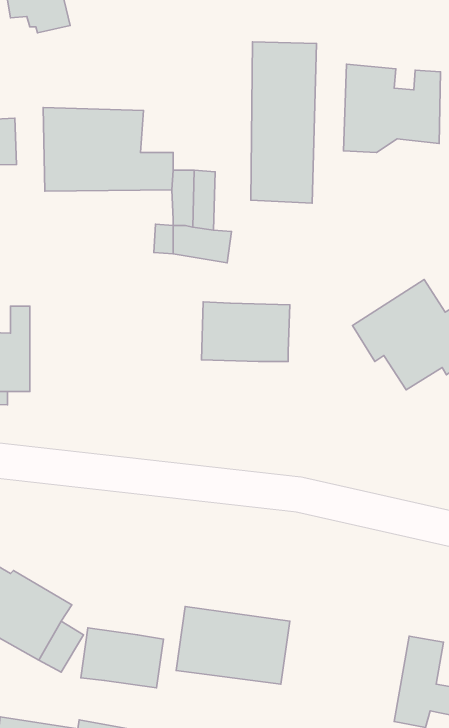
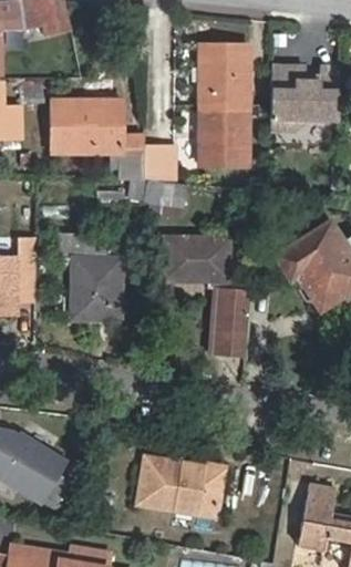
building: none -> [58,235,118,323]
building: none -> [205,274,247,359]
building: [81,628,164,688] -> none

